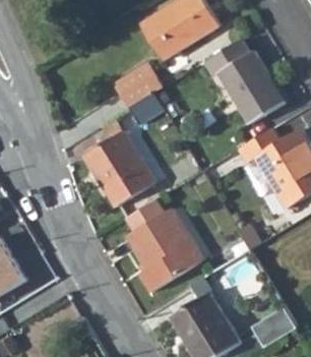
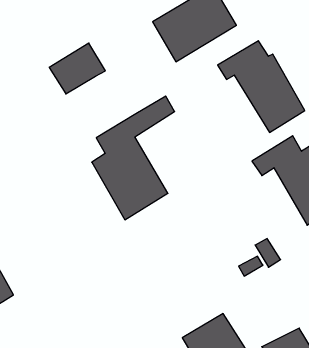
building: [115,62,167,109] -> [49,43,105,94]
building: [131,199,206,292] -> none

